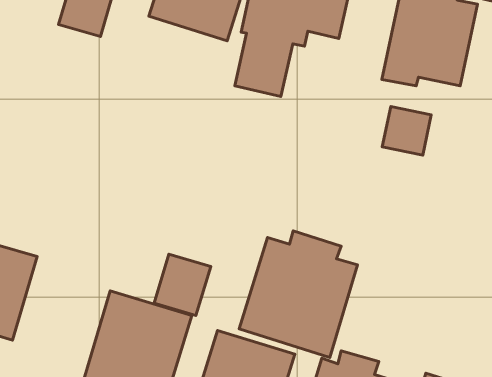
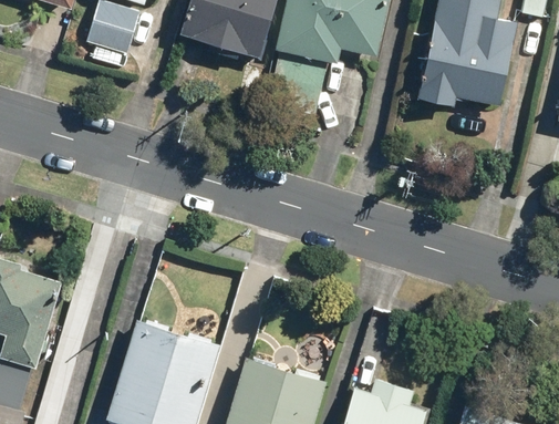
building: [382,106,431,155] -> none
building: [239,231,358,357] -> none
building: [154,254,211,316] -> none

